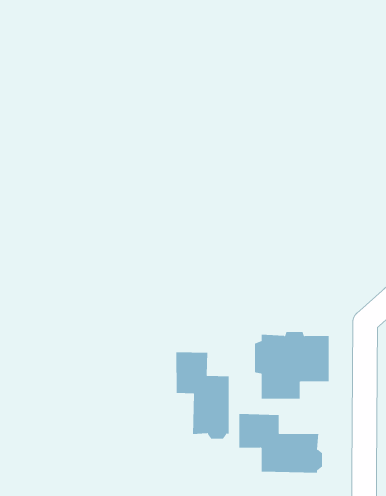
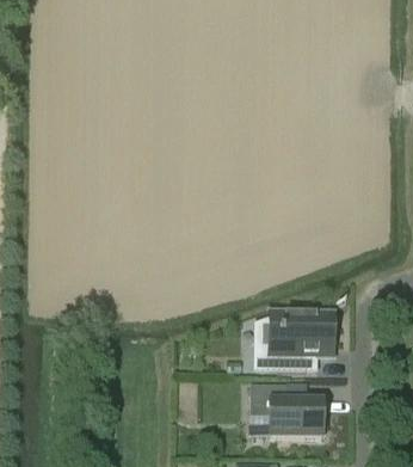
building: [176,351,229,440] -> none

